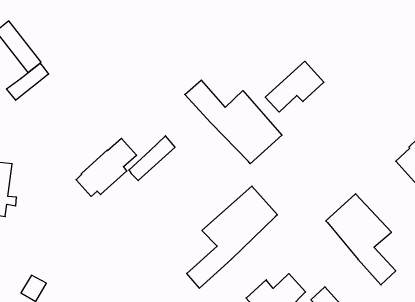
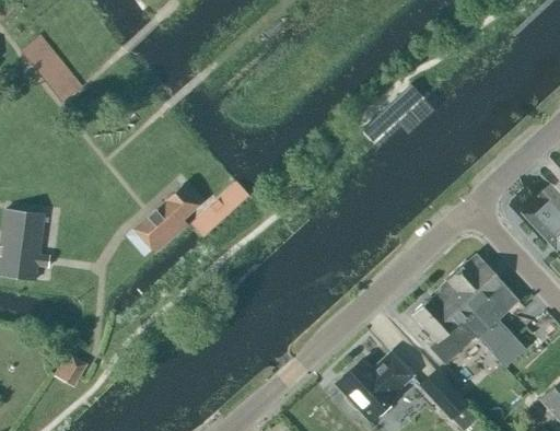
building: [6,63,49,100] -> none
building: [185,80,282,164] -> none
building: [187,186,277,288] -> none
building: none -> [412,289,478,362]

